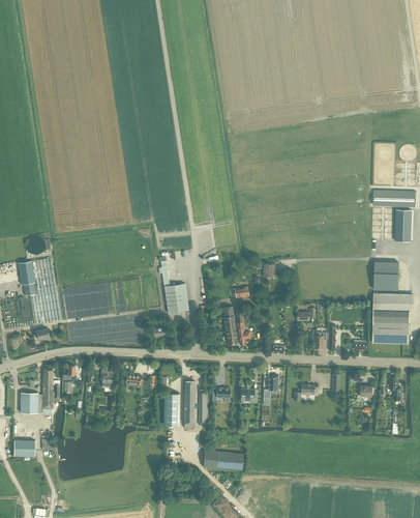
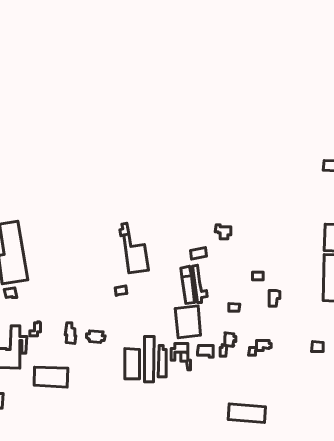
building: none -> [175,306,200,338]
building: none -> [34,367,68,387]
building: [204,450,243,469] -> [228,404,266,423]

